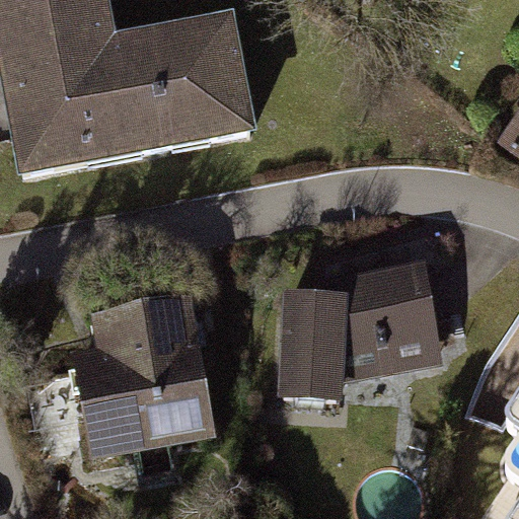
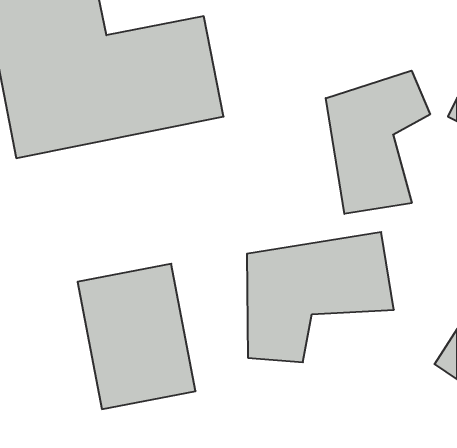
building: none -> [326,71,430,214]

